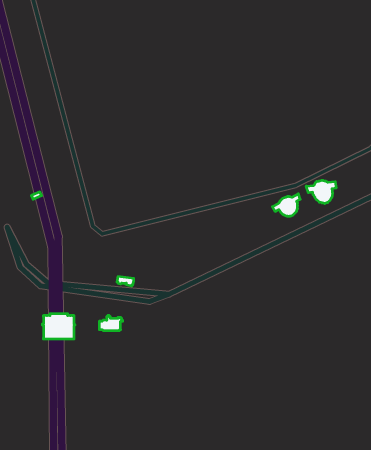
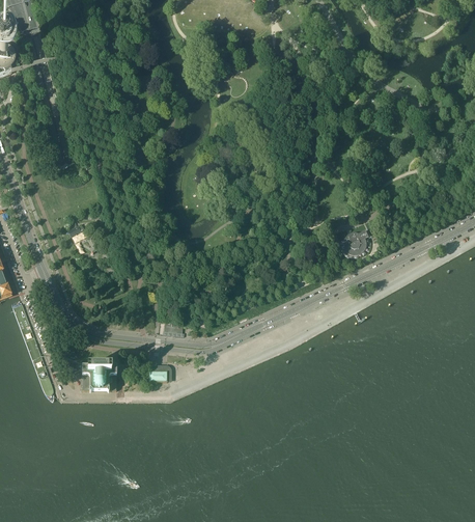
building: [306,180,336,204] -> none

